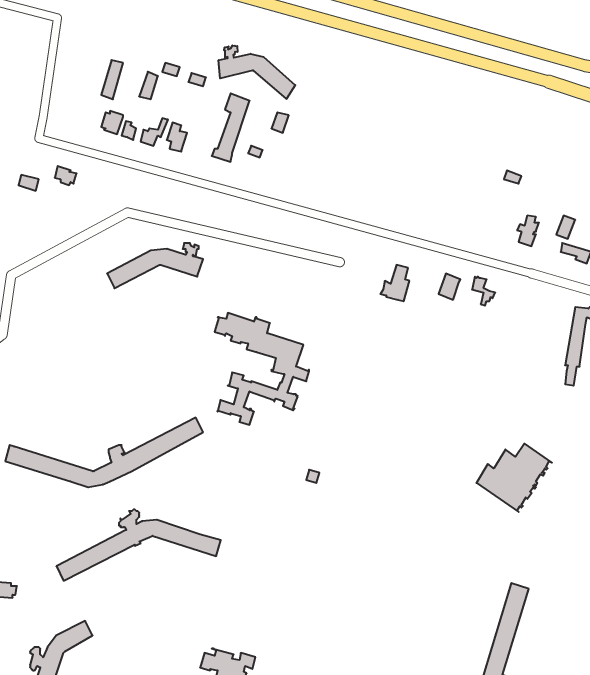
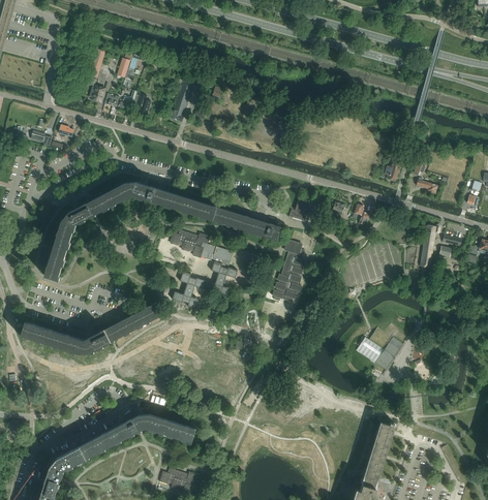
building: [219,45,295,99] -> none
building: none -> [158,191,281,240]
building: none -> [45,196,99,280]
building: none -> [273,240,305,301]
building: [56,510,221,581] -> [79,408,195,459]

